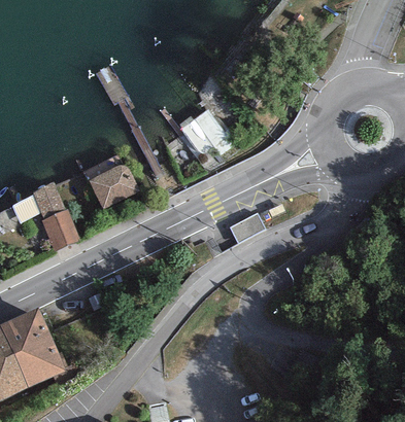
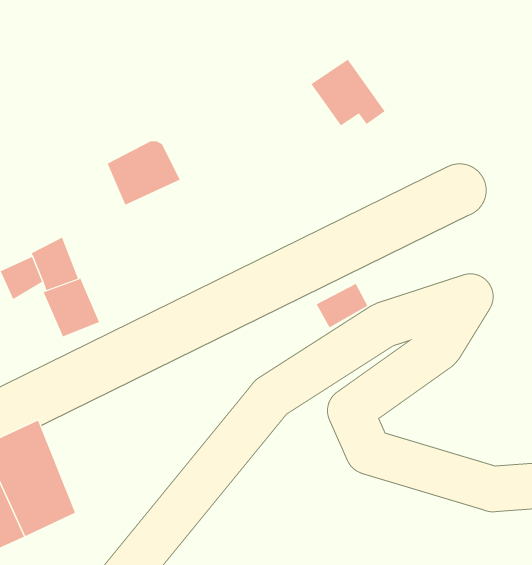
building: [181,110,233,156] -> [311,59,386,126]
building: [90,165,140,209] -> [107,141,180,205]

